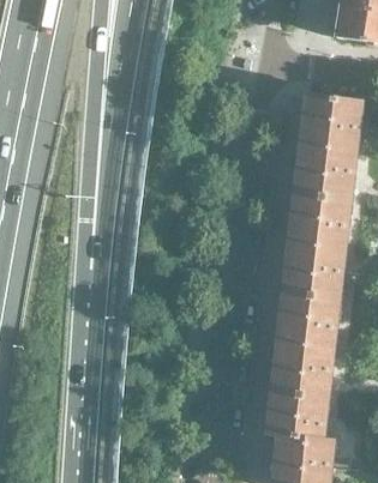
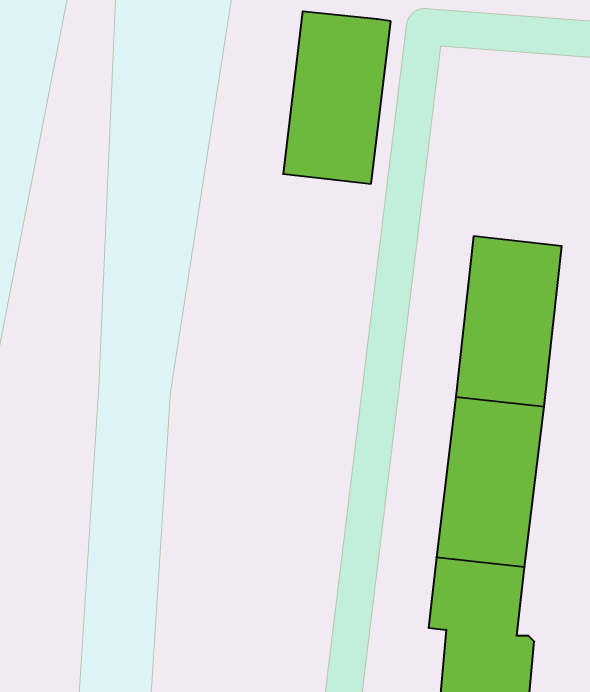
building: [295,95,361,200] -> [283,11,391,184]

